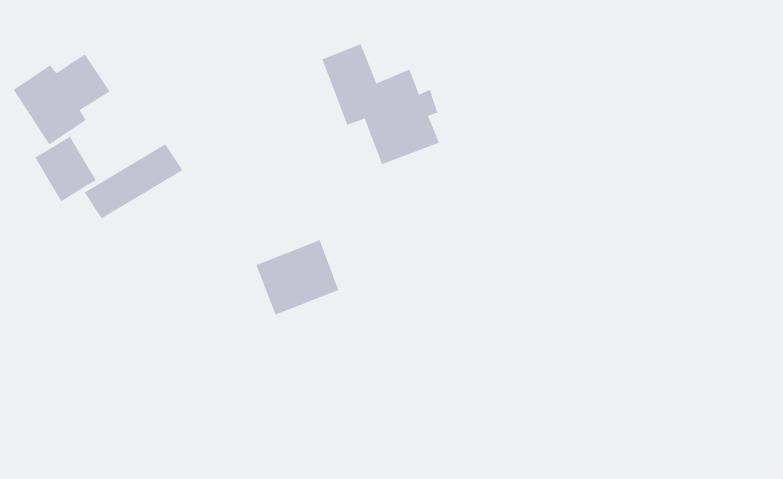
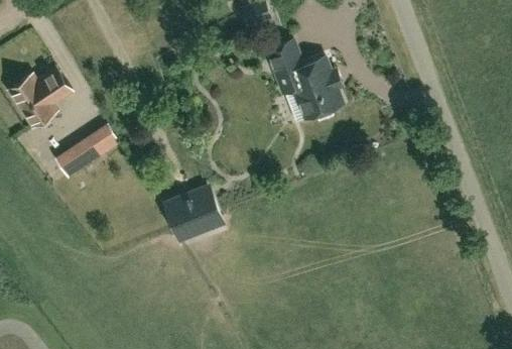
building: [322,43,440,165] -> [268,41,344,119]
building: [34,135,97,202] -> none

